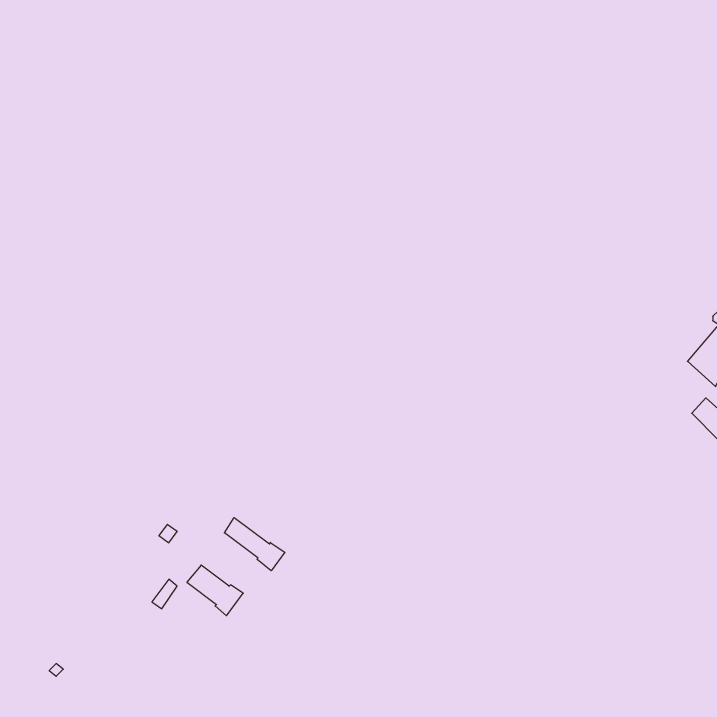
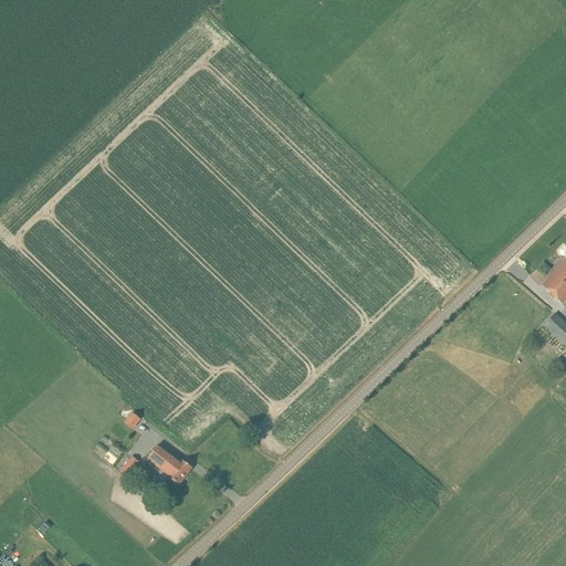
building: [224,518,285,571] -> none

